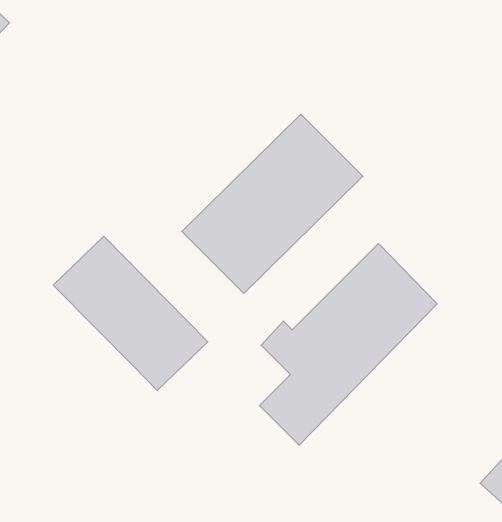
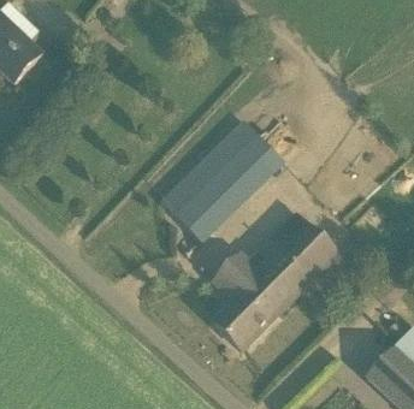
building: [53,236,208,391] -> none

